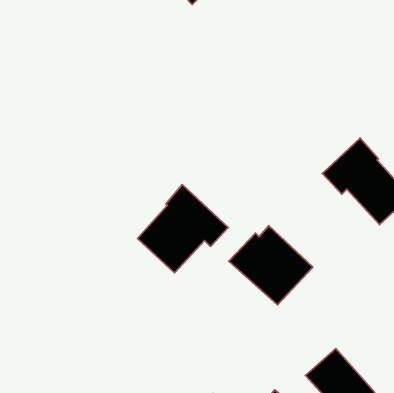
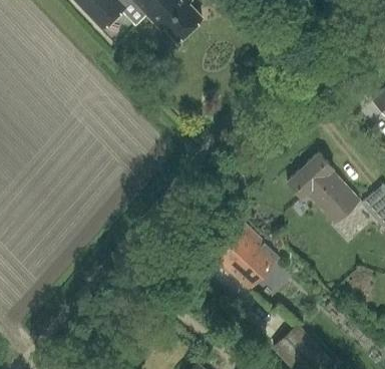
building: [138,185,228,273] -> none

